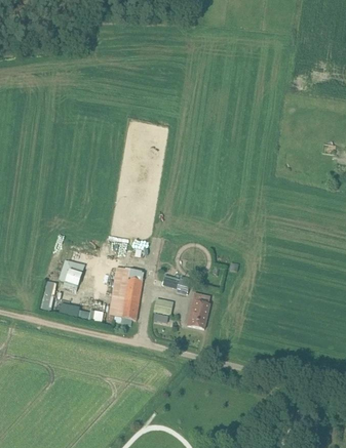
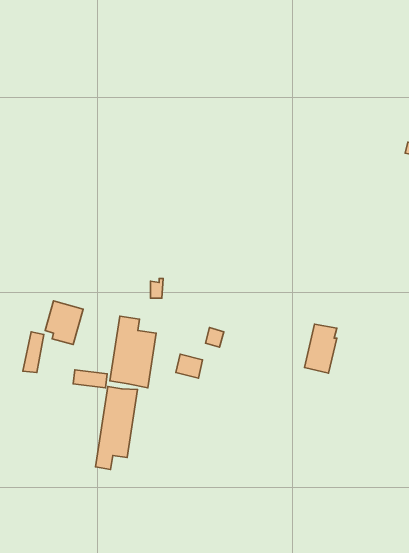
building: [186,292,209,328] -> [305,324,337,373]
building: none -> [96,387,137,469]

